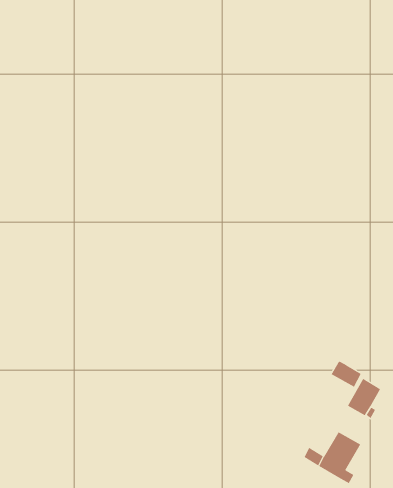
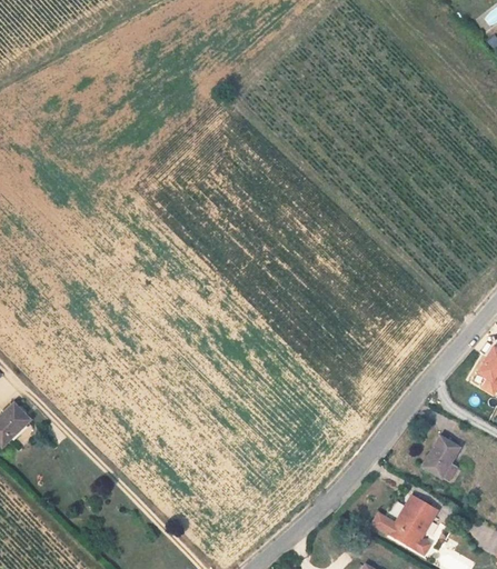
building: [331,361,362,388] -> none

